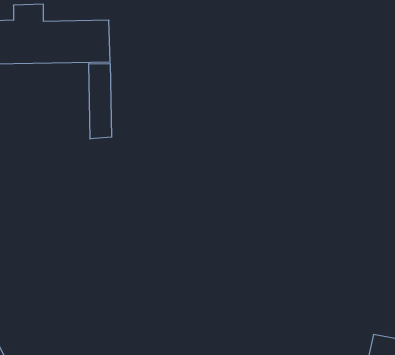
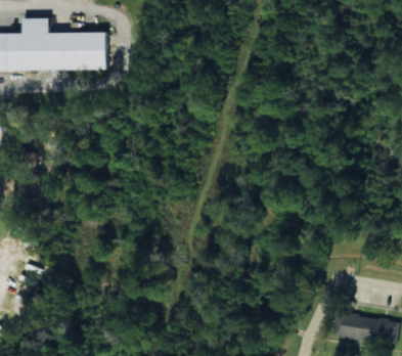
building: [89,63,112,139] -> none

